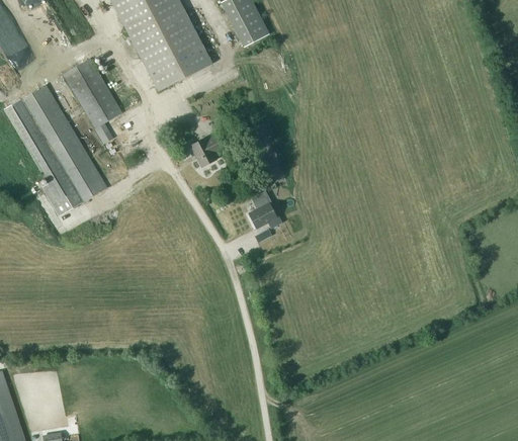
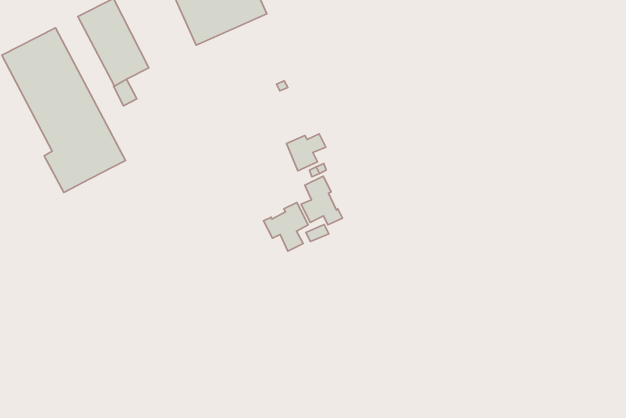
building: [191,137,223,167] -> [287,134,326,171]
building: none -> [264,202,308,251]

